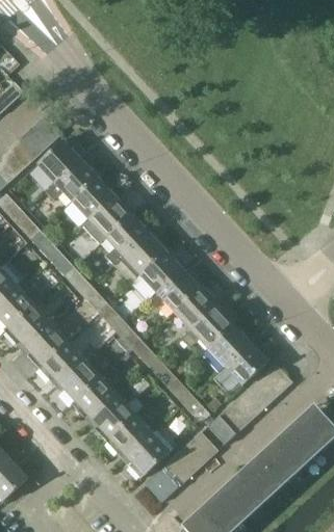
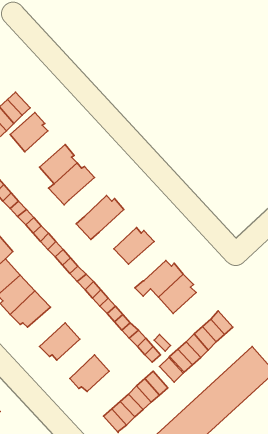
building: [46,159,101,201] -> none
building: [105,212,148,265] -> none
building: [130,248,182,300] -> none
building: [173,285,215,329] -> none
building: [224,343,269,384] -> none
building: [58,360,101,404] -> none
building: [92,388,135,441] -> none
building: [126,428,173,477] -> none

